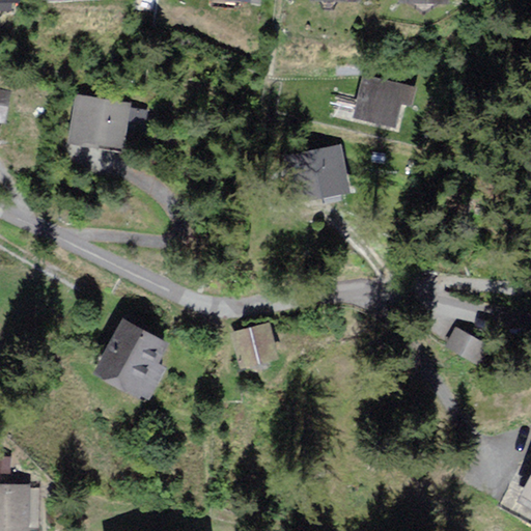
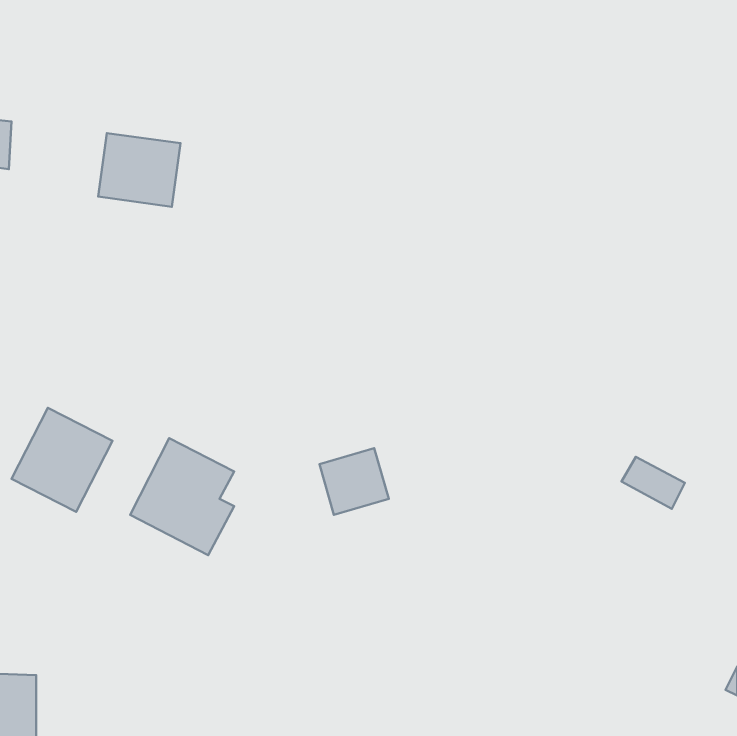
building: [353,74,411,130] -> none
building: [284,145,350,199] -> none
building: none -> [11,408,112,512]

